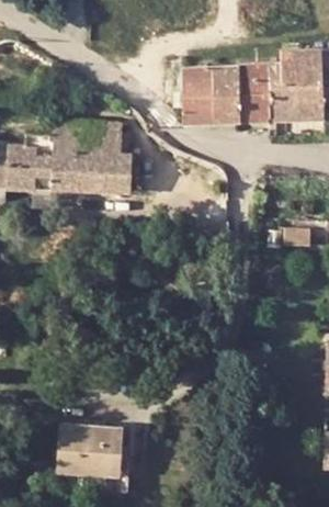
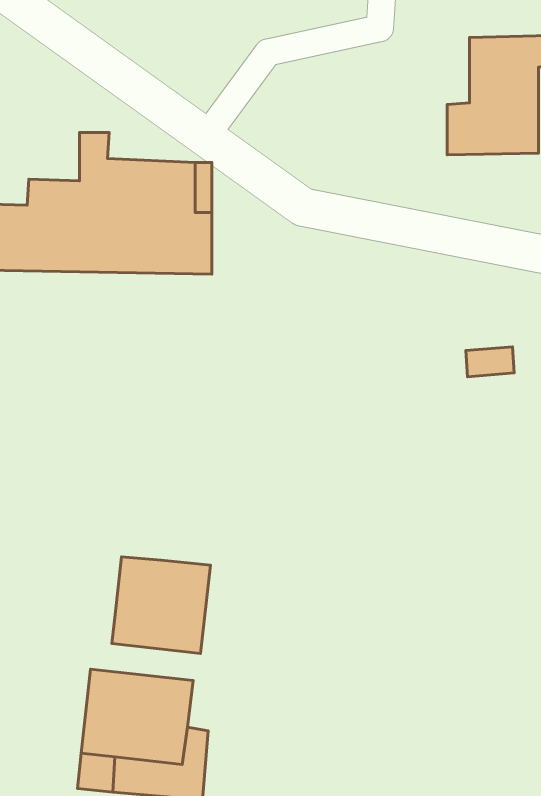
building: [185,68,283,122] -> none
building: none -> [112,557,211,653]

